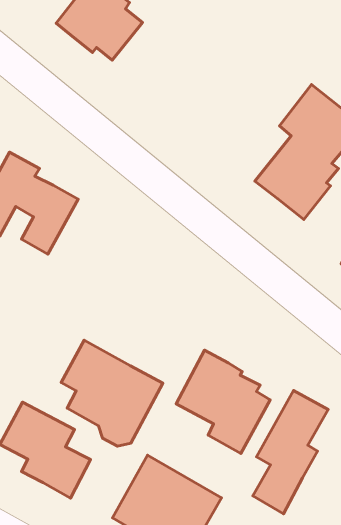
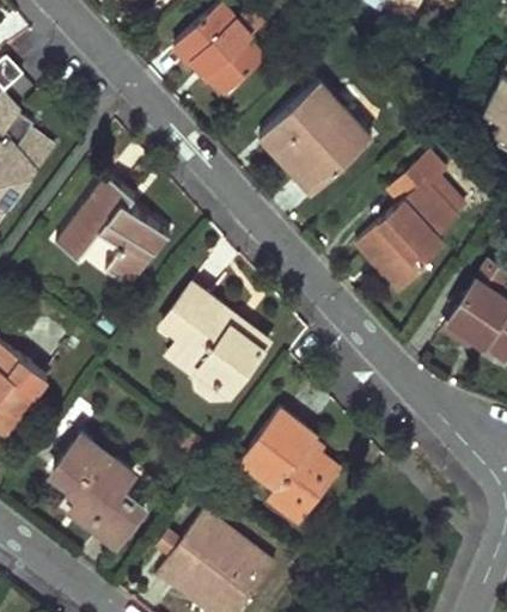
building: none -> [261,80,371,191]
building: [61,340,163,446] -> [157,295,262,410]
building: [253,391,328,514] -> none

